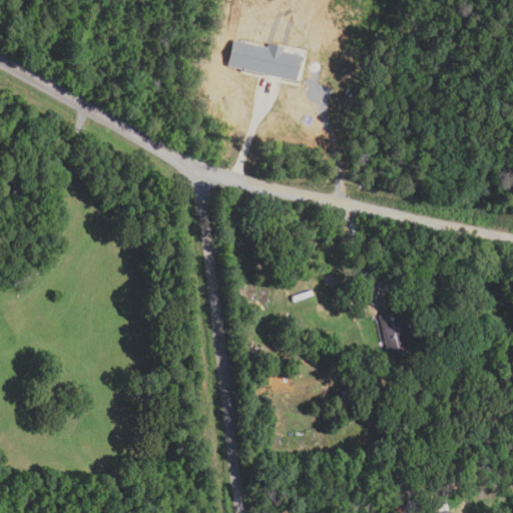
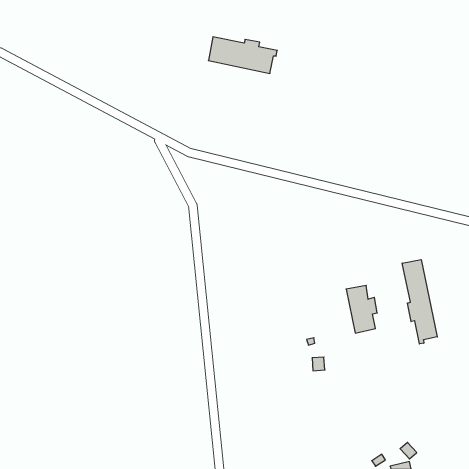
building: none -> [402,260,437,344]

